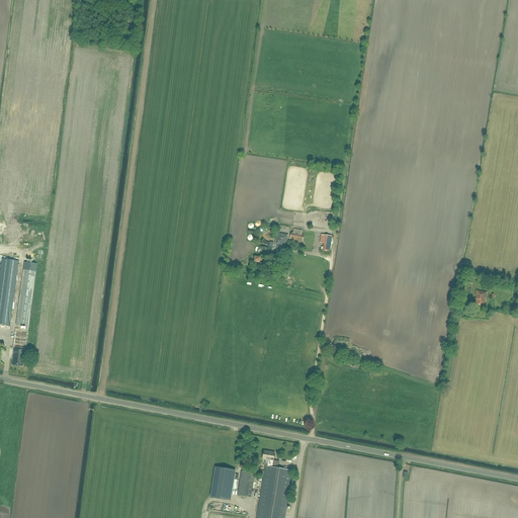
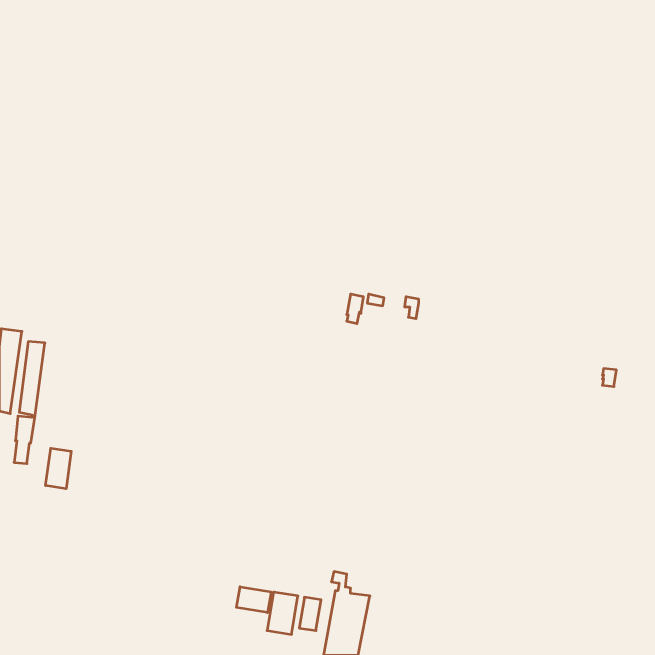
building: none -> [46,448,71,489]
building: none -> [236,587,271,613]

